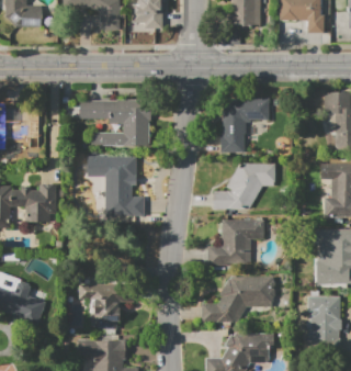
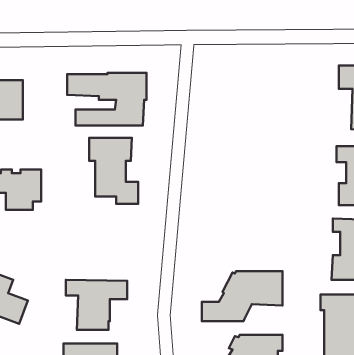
building: [222,100,268,151] -> none
building: [213,164,274,211] -> none
building: [208,220,263,266] -> none

